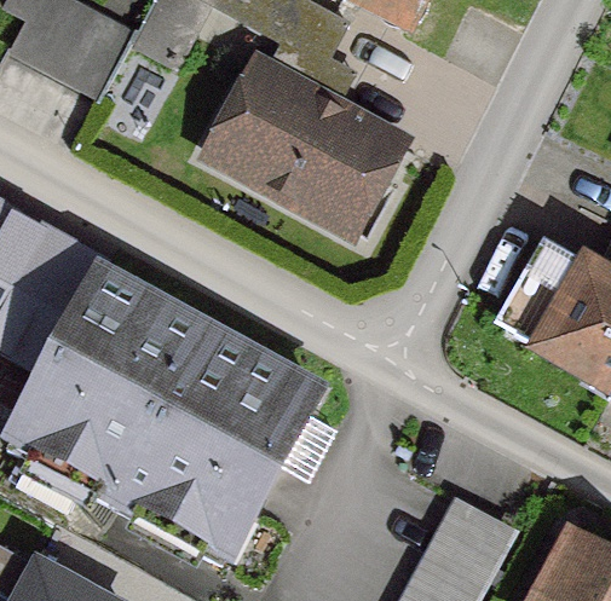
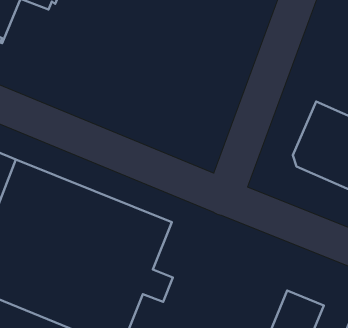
building: [206,58,397,225] -> none

